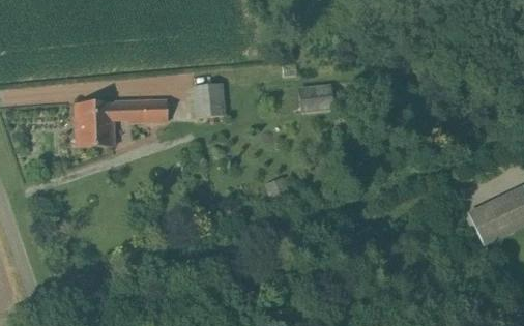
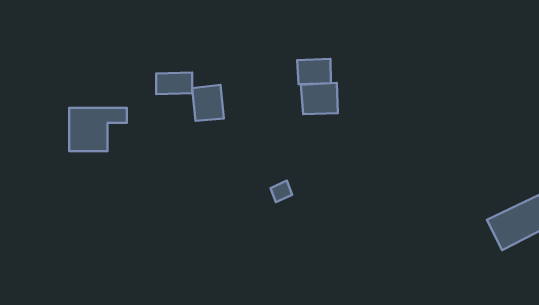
building: none -> [297,59,331,84]
building: [132,102,166,123] -> [156,73,192,94]

